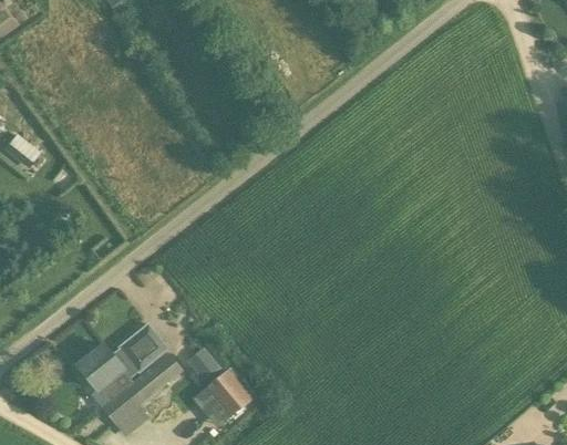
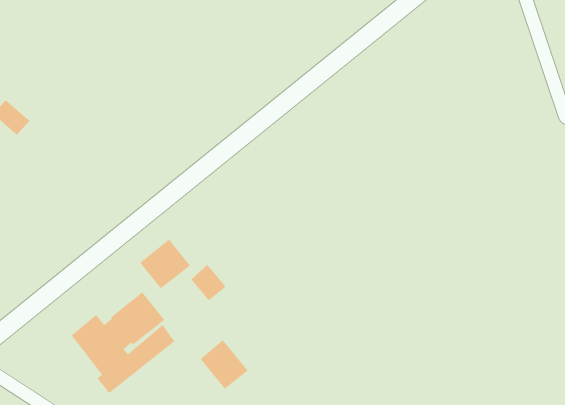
building: none -> [140,239,190,289]
building: [183,346,218,383] -> [191,264,226,301]

